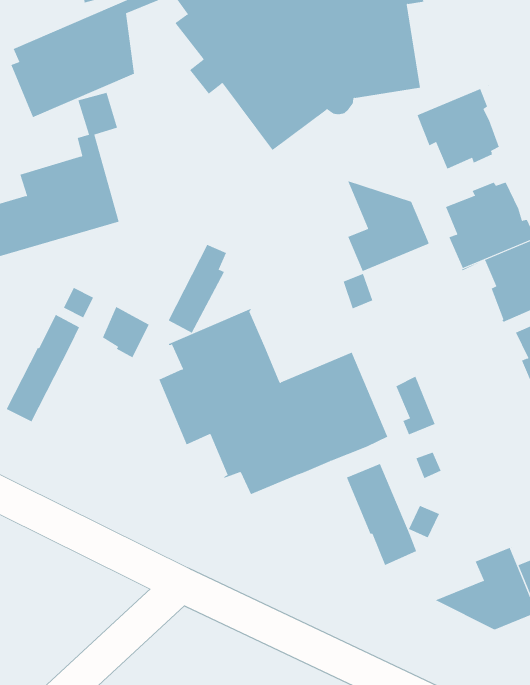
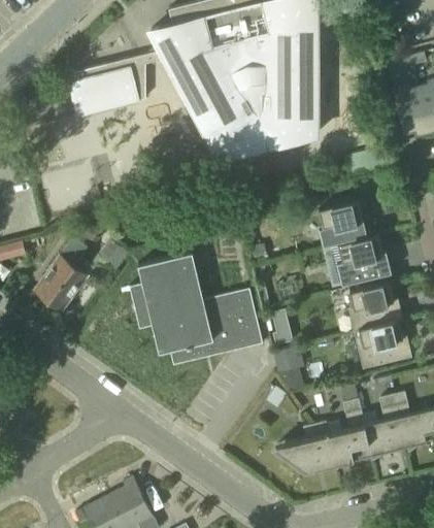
building: [415,84,500,169] -> none
building: [347,180,439,272] -> none
building: [168,244,227,334] -> [48,258,91,310]
building: [346,463,417,566] -> none

